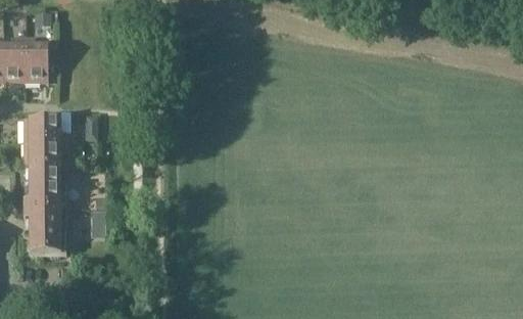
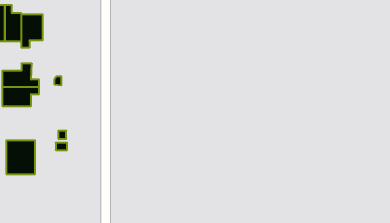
building: none -> [21,14,43,48]
building: [27,164,63,208] -> none

